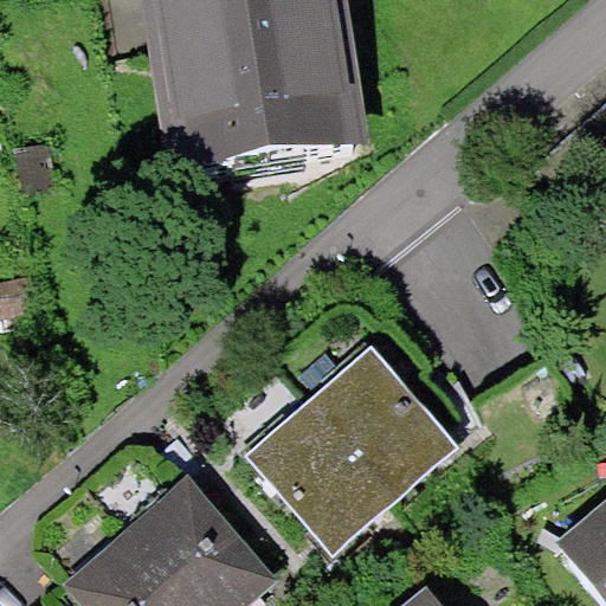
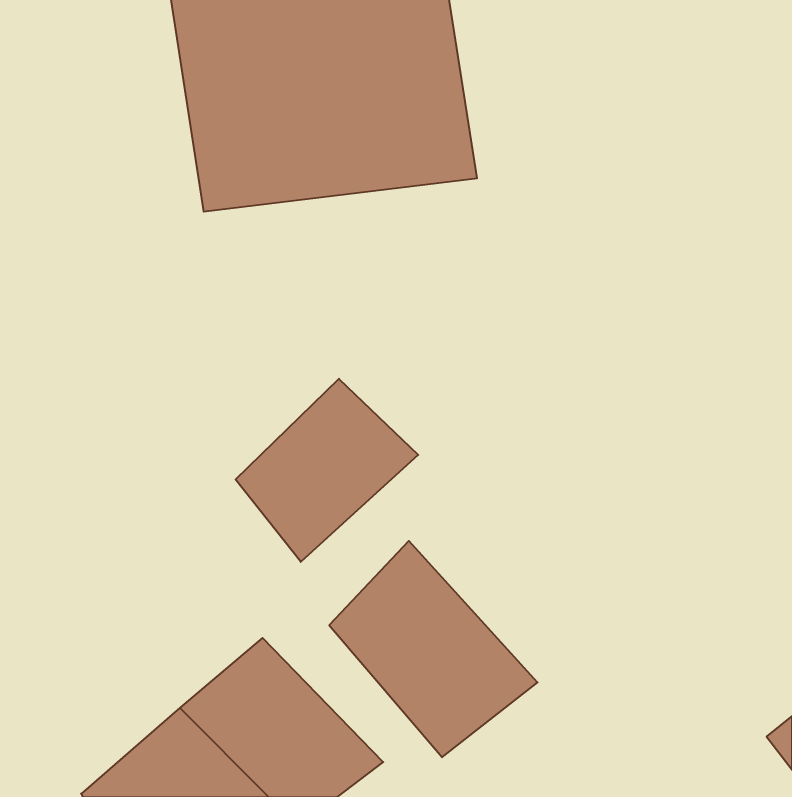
building: none -> [236,379,418,562]
building: [304,353,464,508] -> none

